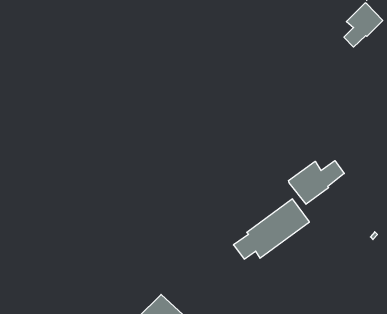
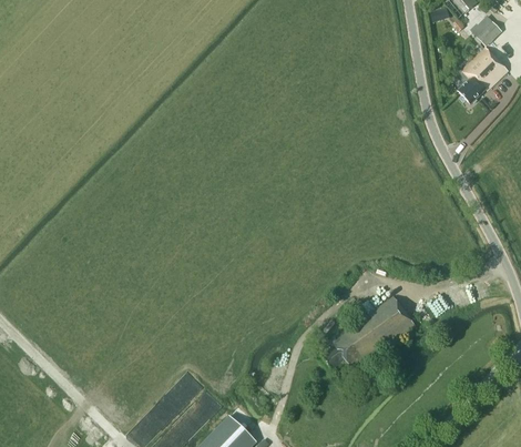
building: [289,161,344,204] -> none

